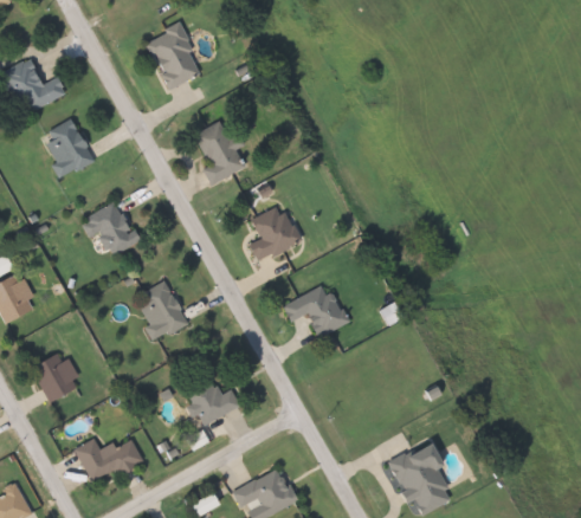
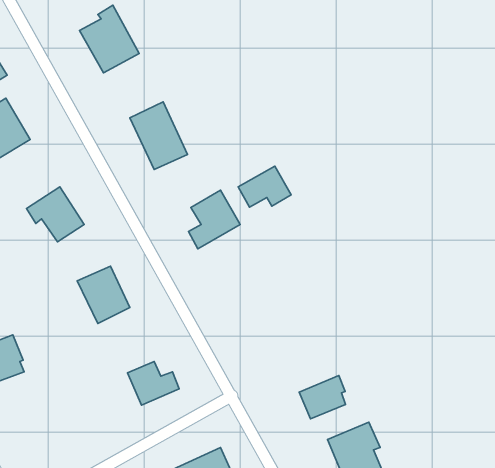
building: none -> [238,166,291,207]
building: [283,286,349,336] -> none
building: none -> [299,376,346,419]
building: [76,439,143,481] -> none

